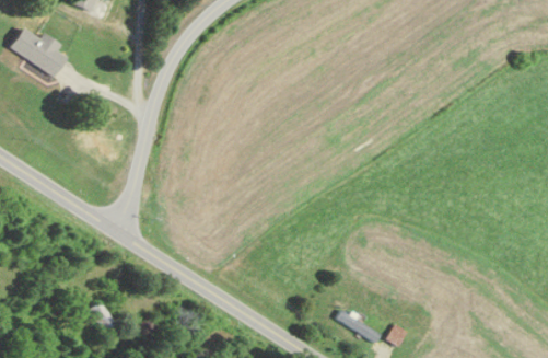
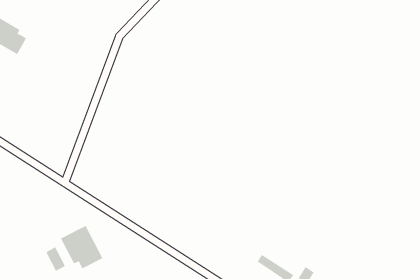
building: none -> [60,225,103,269]

